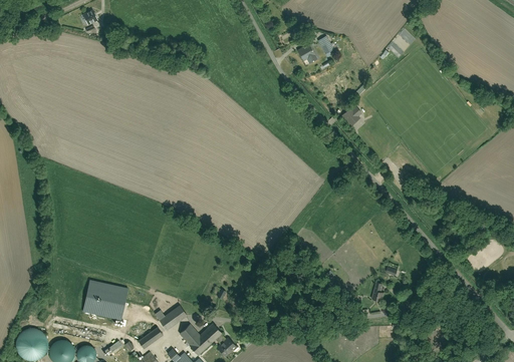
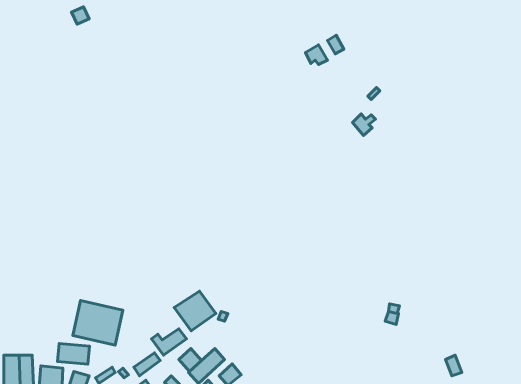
building: none -> [174,291,216,331]
building: none -> [57,343,90,364]

